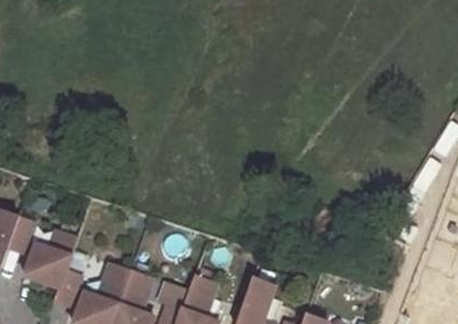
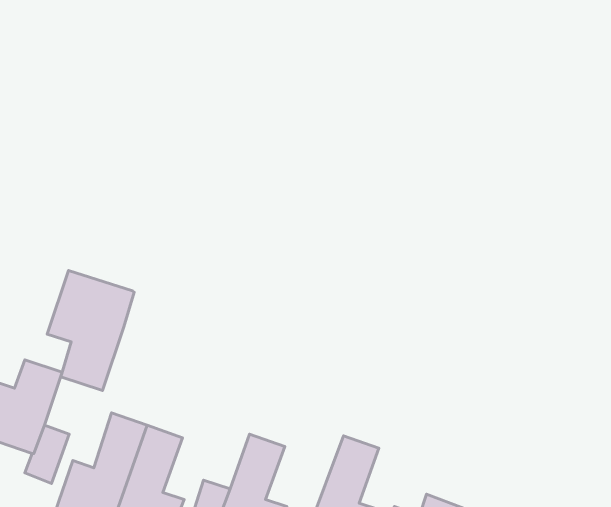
building: none -> [47,270,134,391]

